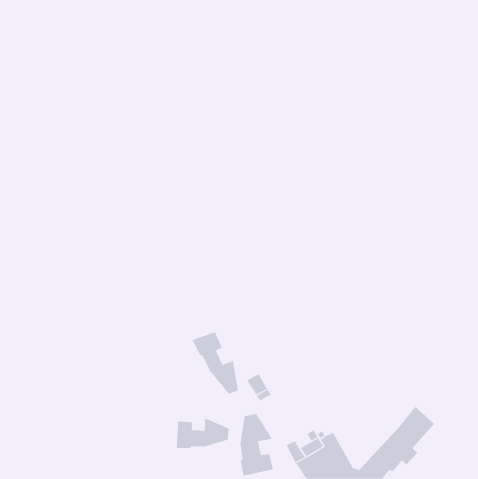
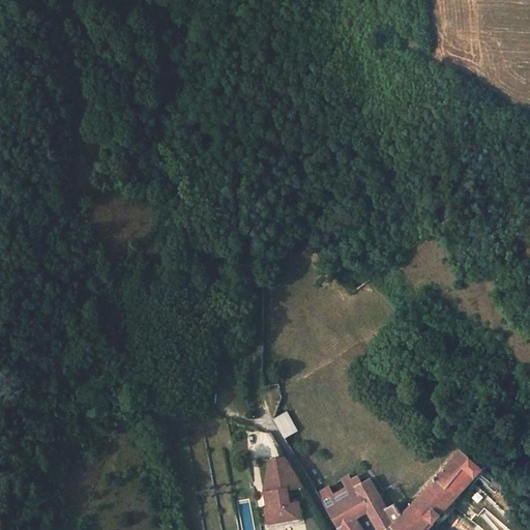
building: [192,331,239,394] -> none
building: [176,418,229,449] -> none

